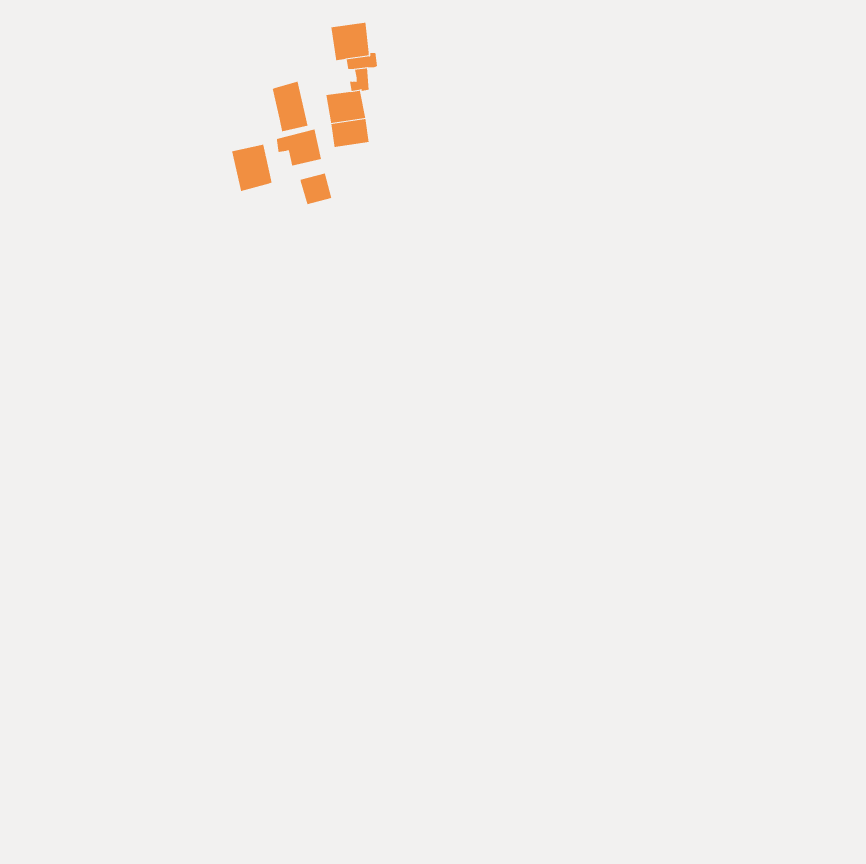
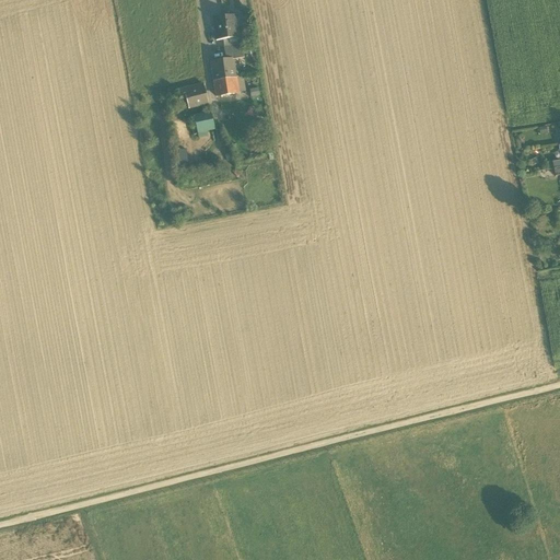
building: [272,81,308,132] -> none
building: [232,144,272,192] -> none

